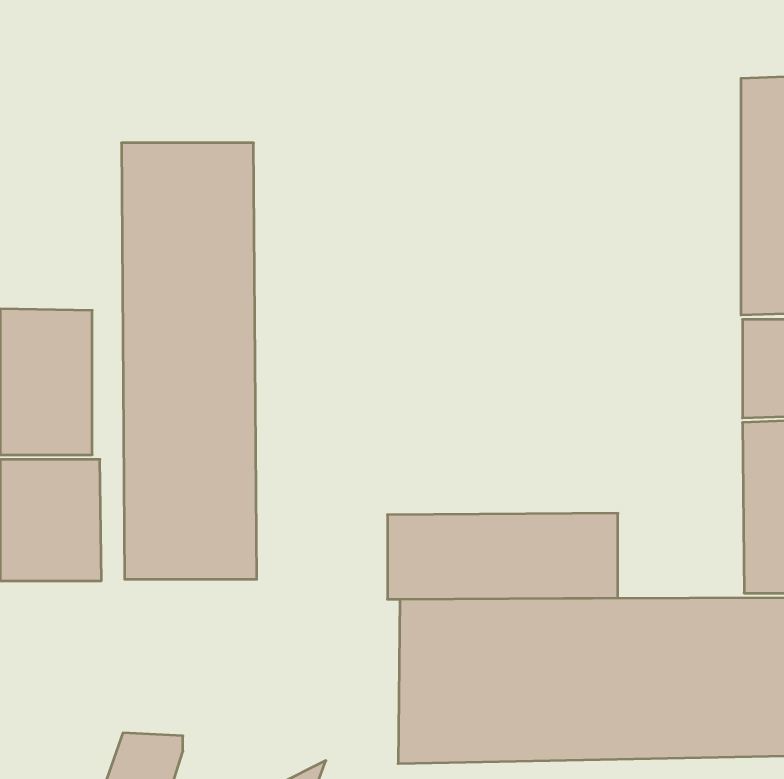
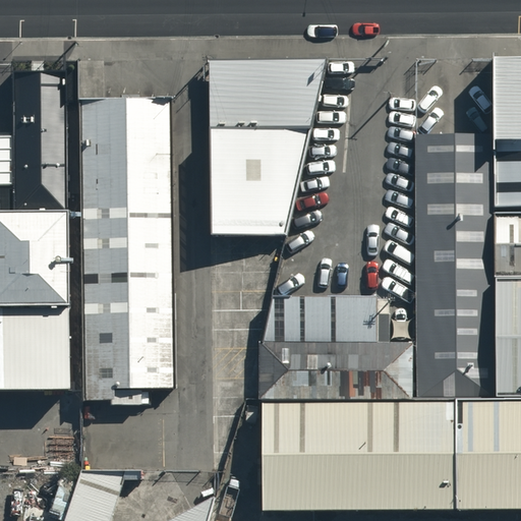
building: none -> [210,59,328,236]
building: none -> [11,69,64,204]
building: none -> [411,139,489,399]
building: none -> [277,297,379,342]

